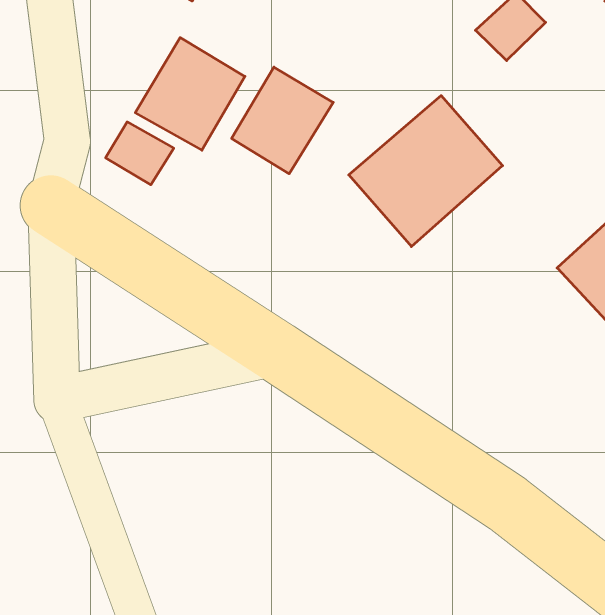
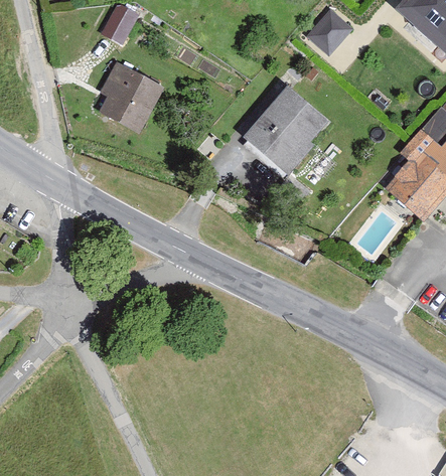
building: [232,67,333,174] -> none
building: [106,122,174,185] -> none

